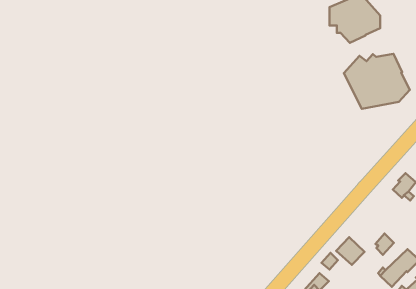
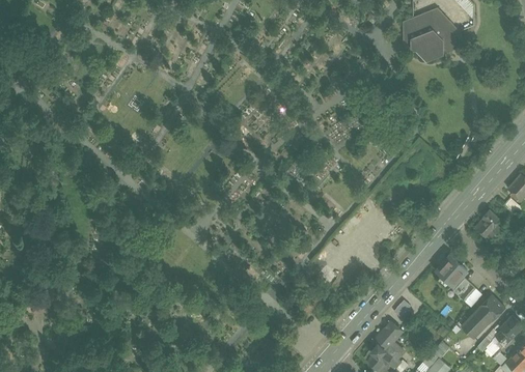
building: [344,54,410,109] -> none
building: [336,237,365,265] -> [436,255,468,286]

